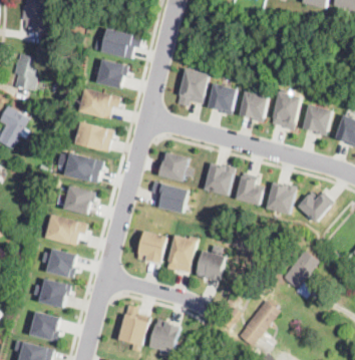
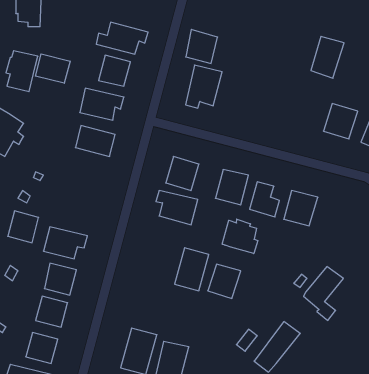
building: none -> [35,54,70,83]
building: [208,81,237,112] -> [186,29,218,63]
building: [239,90,269,120] -> none
building: [272,90,302,128] -> [311,36,344,78]
building: [66,152,103,182] -> none
building: [64,185,92,214] -> [8,211,39,243]
building: [296,191,331,223] -> none
building: none -> [222,219,258,254]
building: [137,232,165,264] -> none

